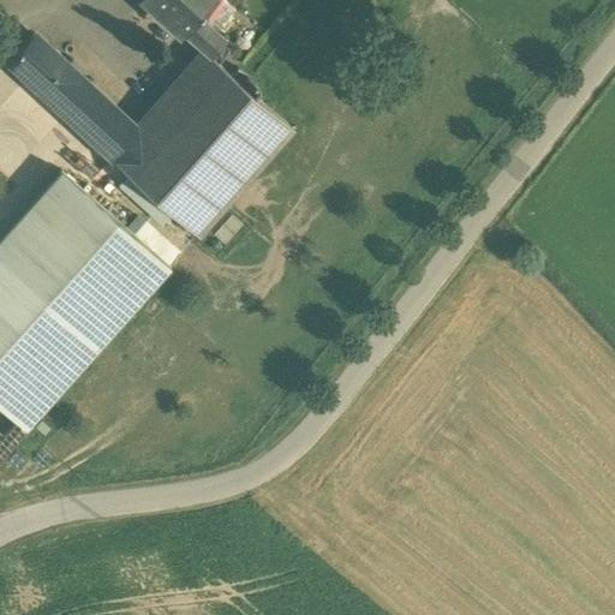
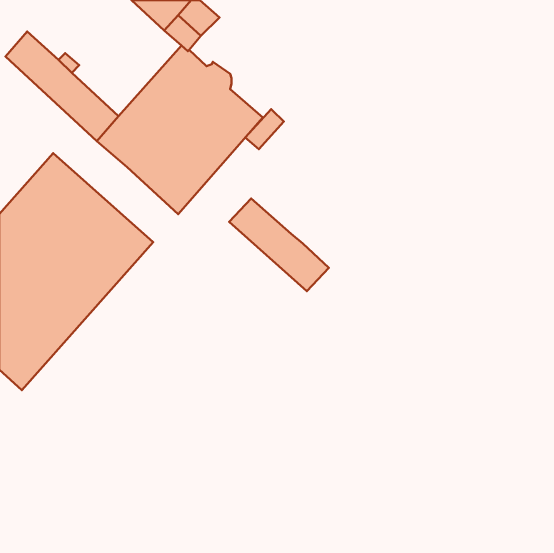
building: none -> [245,109,284,149]
building: none -> [229,198,329,291]

